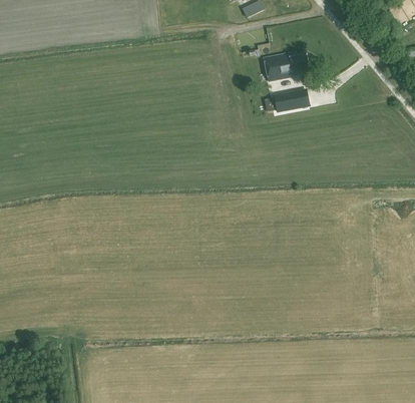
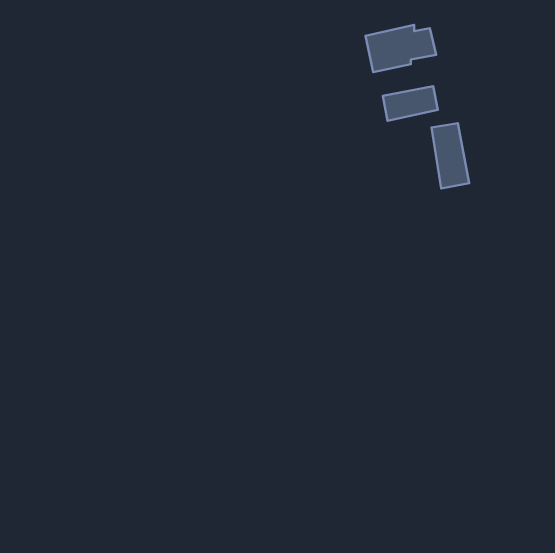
building: none -> [432,123,469,188]

